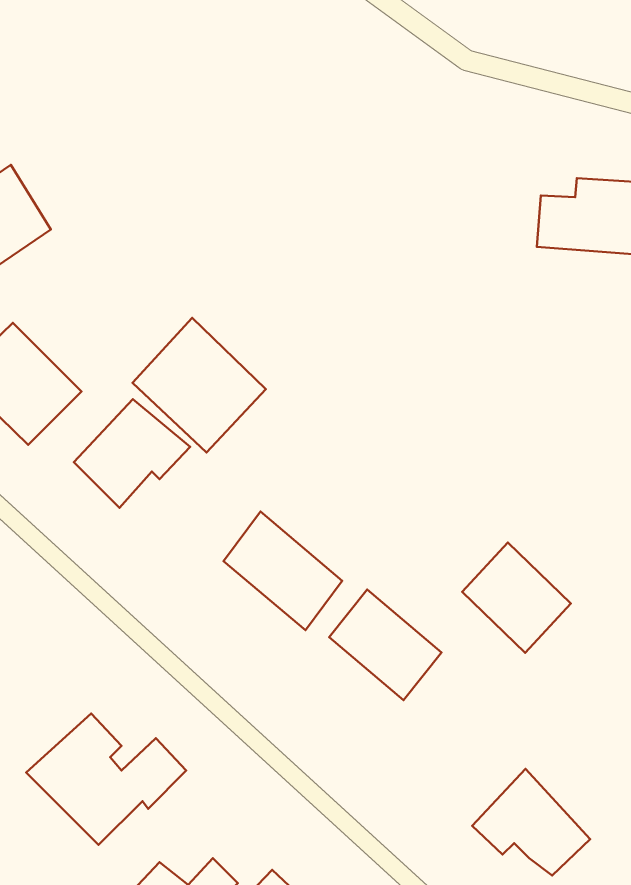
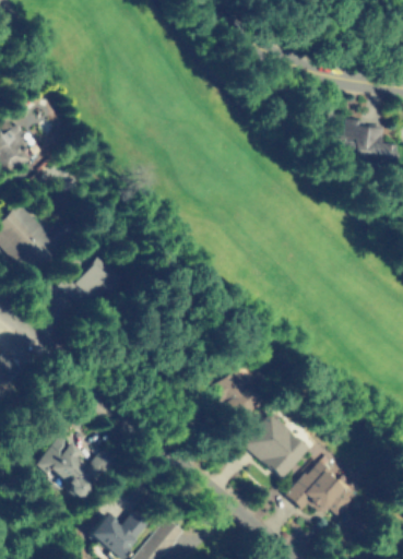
building: [133,318,266,452] -> none
building: [224,512,342,630] -> none
building: [462,542,571,653] -> [248,414,310,477]

